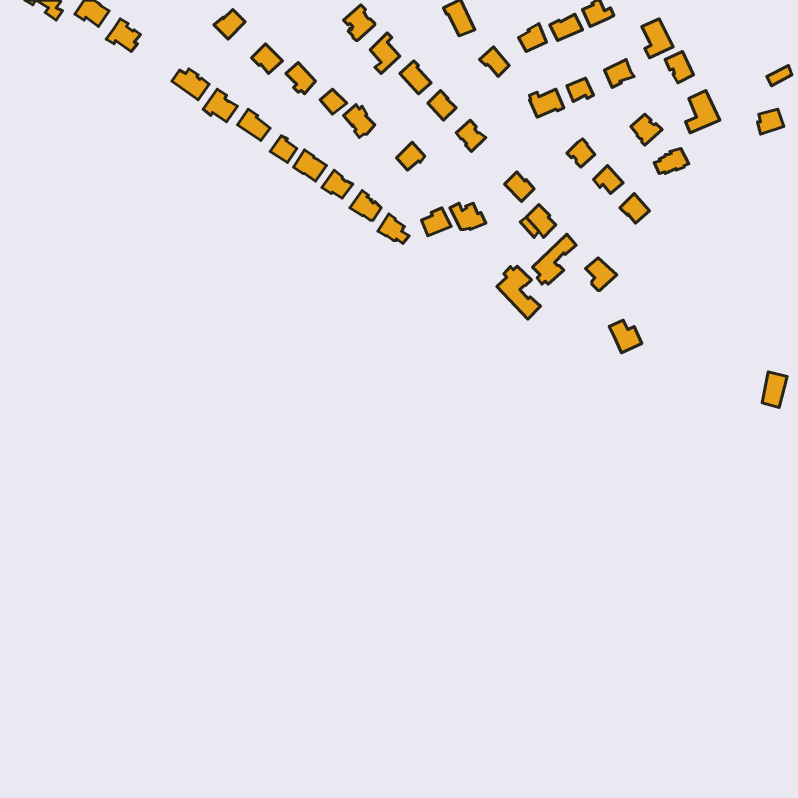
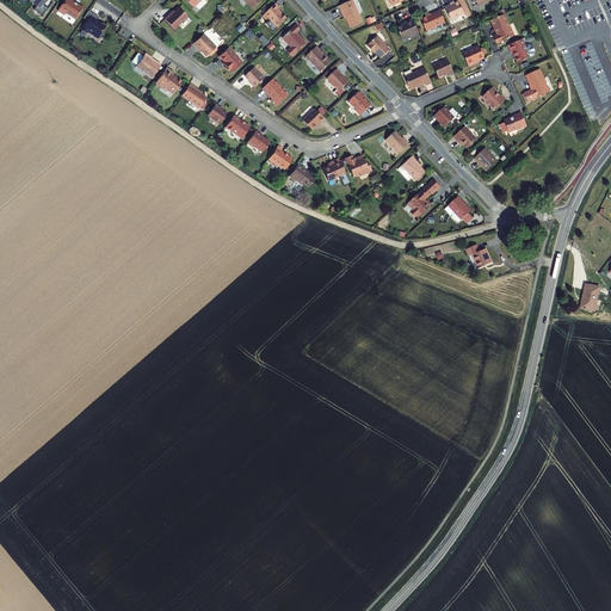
building: [497,266,540,319] -> none

